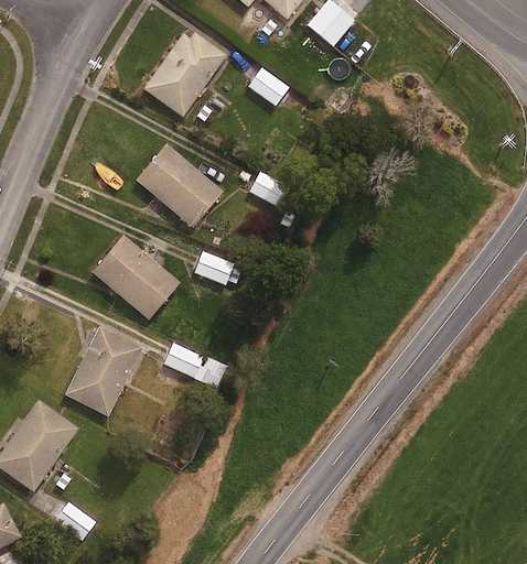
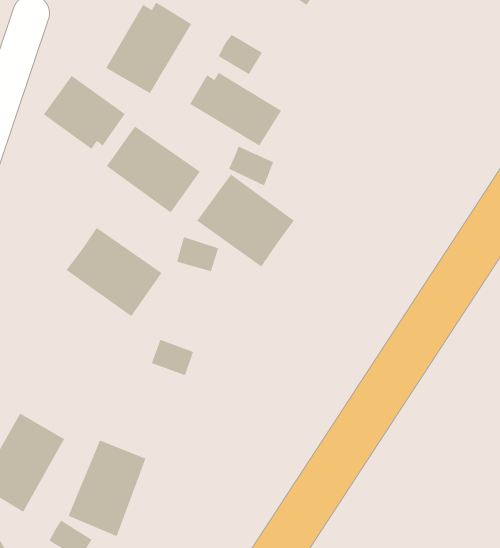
building: none -> [43,75,126,150]
building: none -> [189,72,282,147]
building: none -> [196,174,295,268]
building: [64,326,141,417] -> [68,439,146,537]

